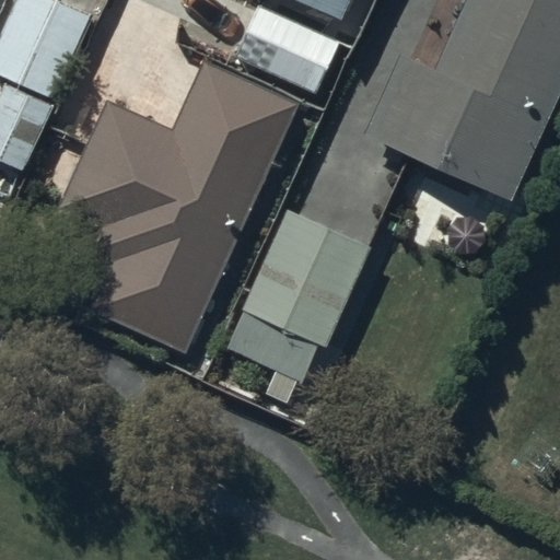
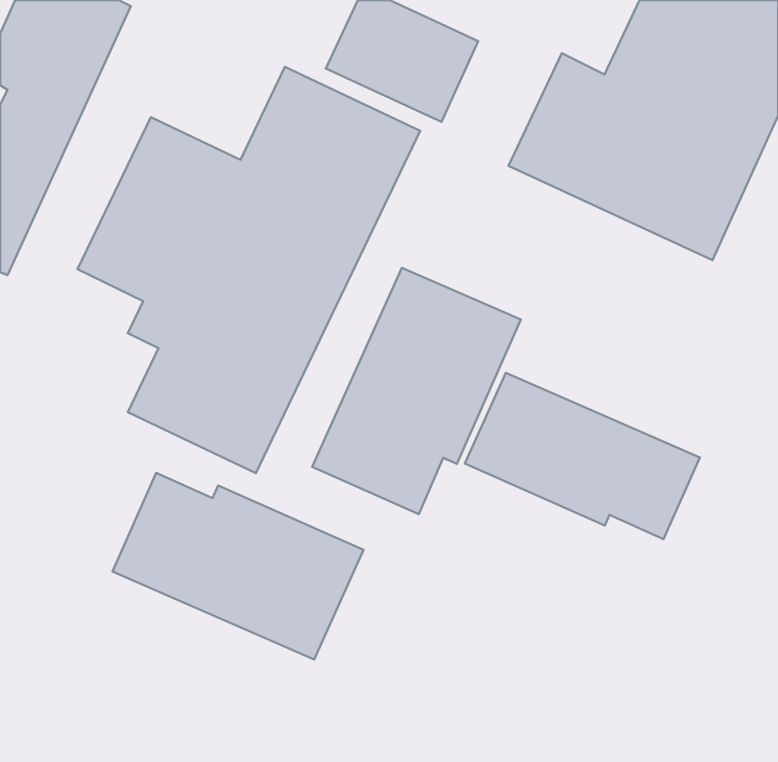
building: none -> [465,373,700,539]
building: none -> [112,473,363,659]

